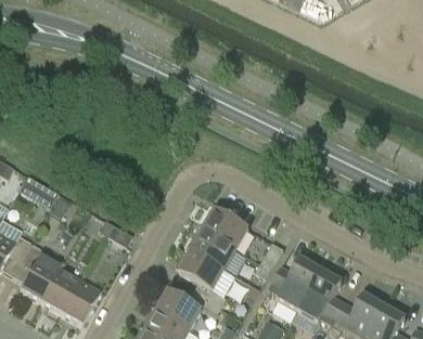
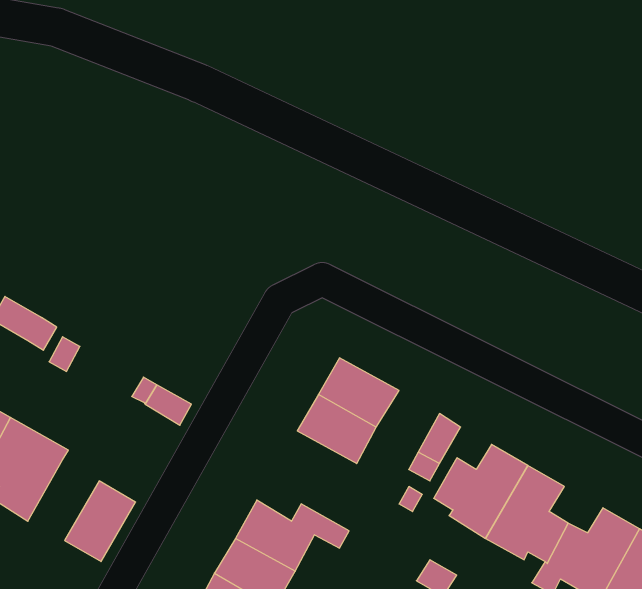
building: [179,249,235,305] -> none
building: [39,265,79,311] -> none

